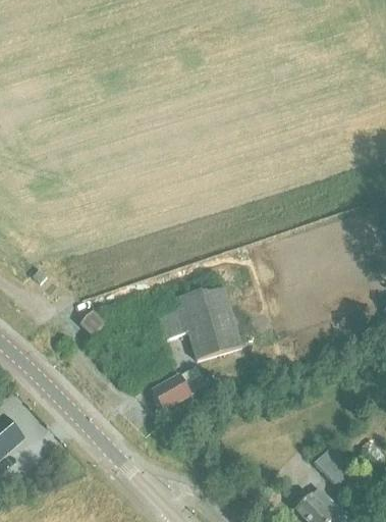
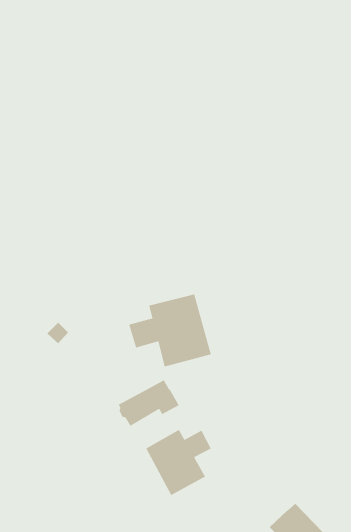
building: none -> [145,429,212,496]
building: [316,447,353,484] -> none

